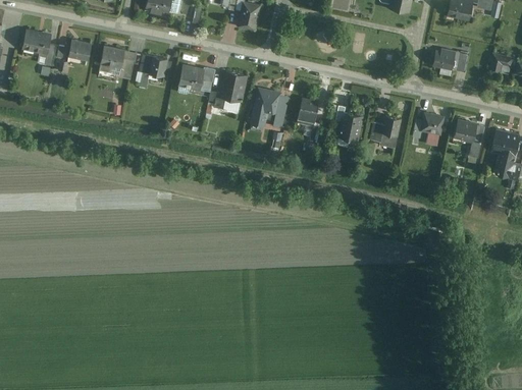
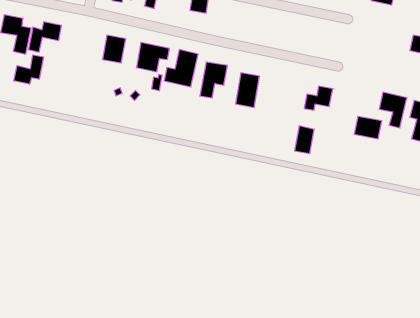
building: [433,45,467,71] -> none
building: [99,46,125,77] -> none
building: none -> [14,55,43,84]
building: [337,110,360,142] -> [295,126,314,154]
building: [414,110,446,135] -> [354,116,382,139]

